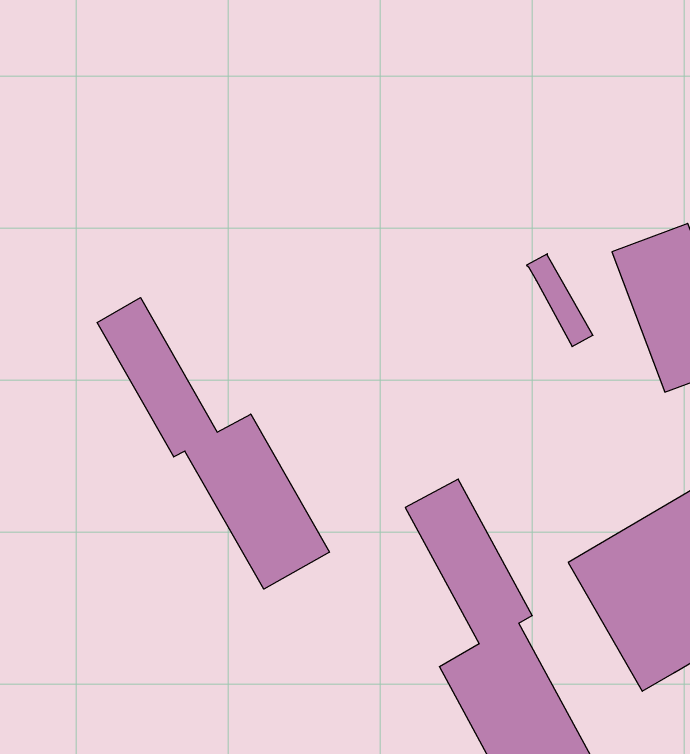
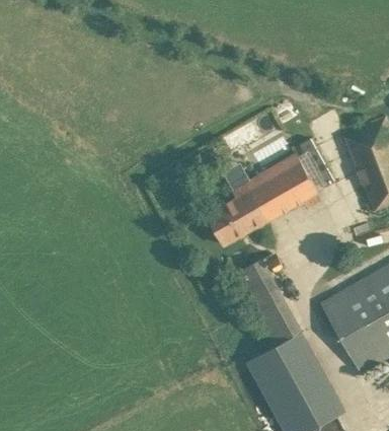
building: none -> [207,154,319,247]
building: [97,298,329,589] -> none

